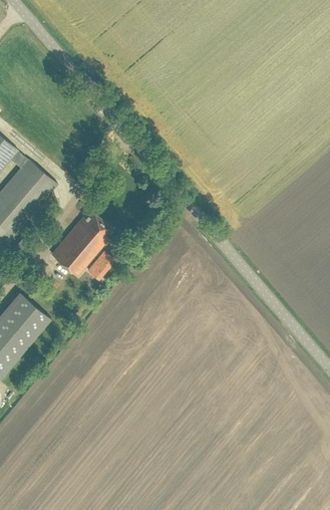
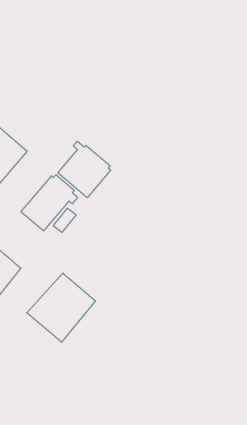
building: none -> [58,141,111,198]
building: none -> [27,273,95,342]

